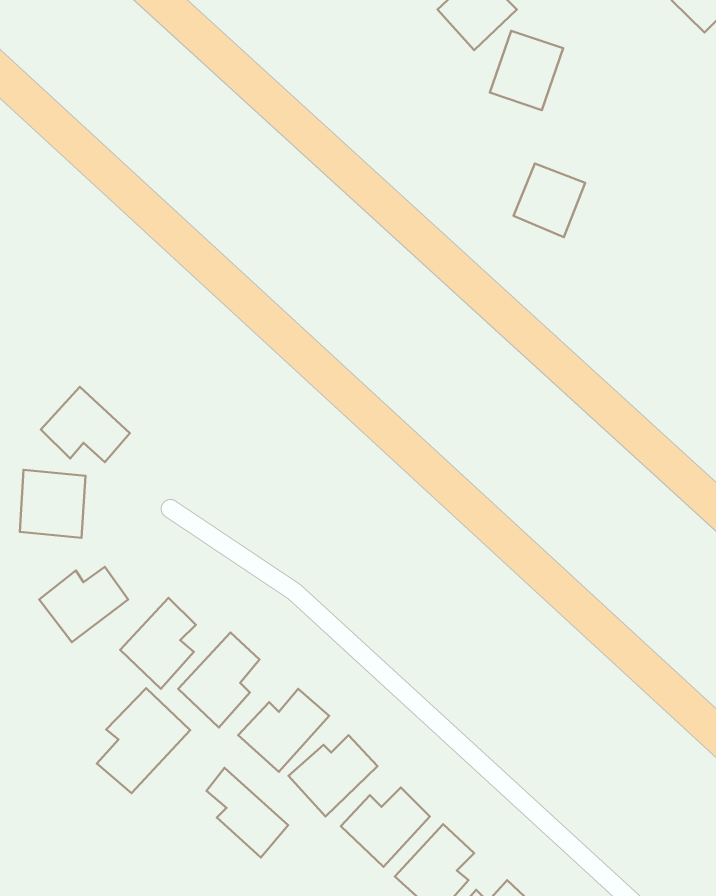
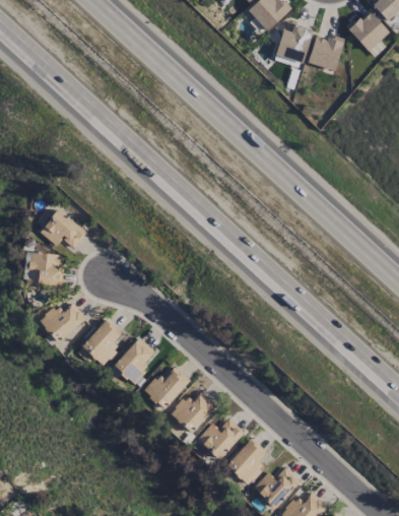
building: none -> [347,10,389,52]
building: [514,163,585,237] -> [307,34,344,72]
building: [97,688,190,793] -> none
building: [206,768,288,858] -> none

